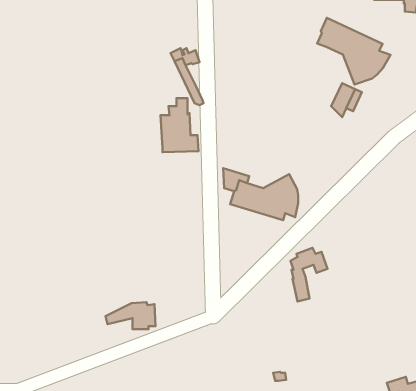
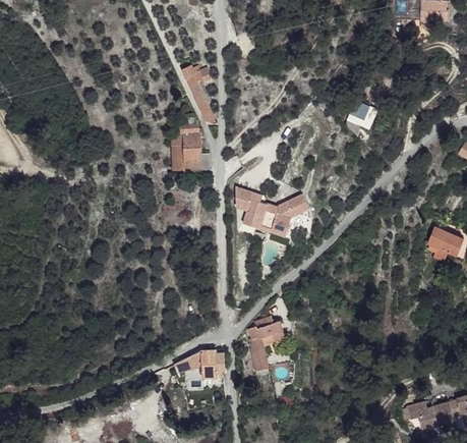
building: [317,18,391,84] -> none
building: [291,248,328,302] -> [251,316,289,371]
building: [106,302,155,329] -> [173,350,224,378]

